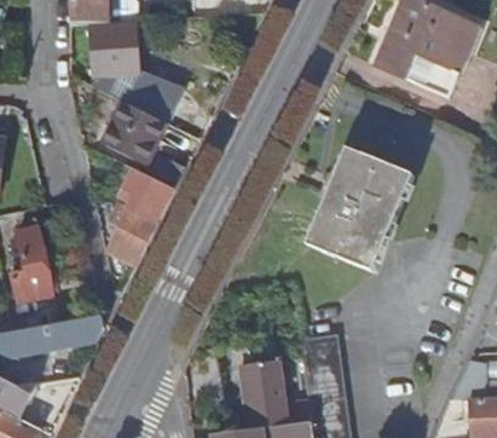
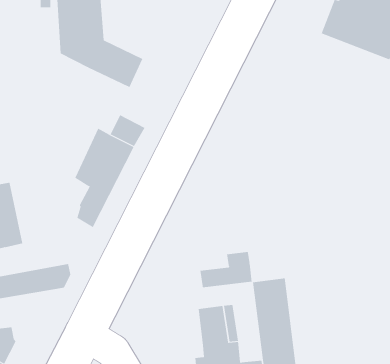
building: [102,103,166,166] -> none
building: [307,145,415,270] -> none
building: none -> [200,251,252,288]

